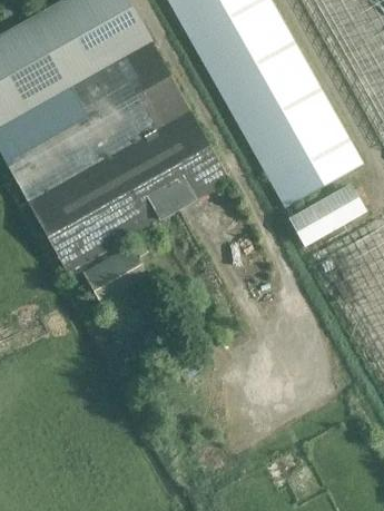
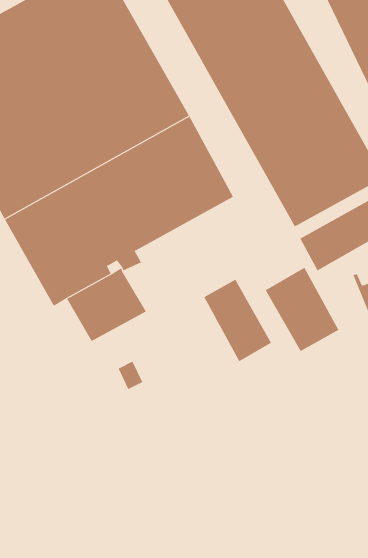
building: none -> [265,267,339,352]
building: none -> [204,279,272,362]

